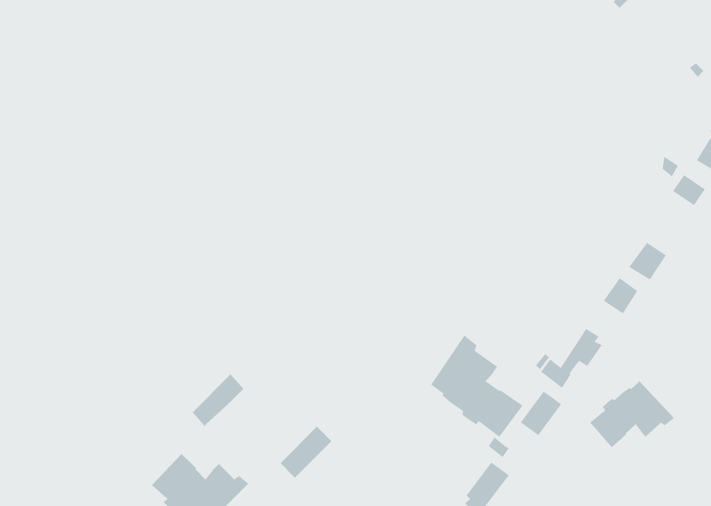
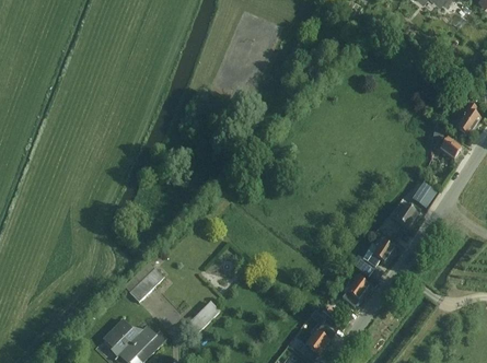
building: [430,335,523,438] -> none
building: [589,381,675,448] -> none

